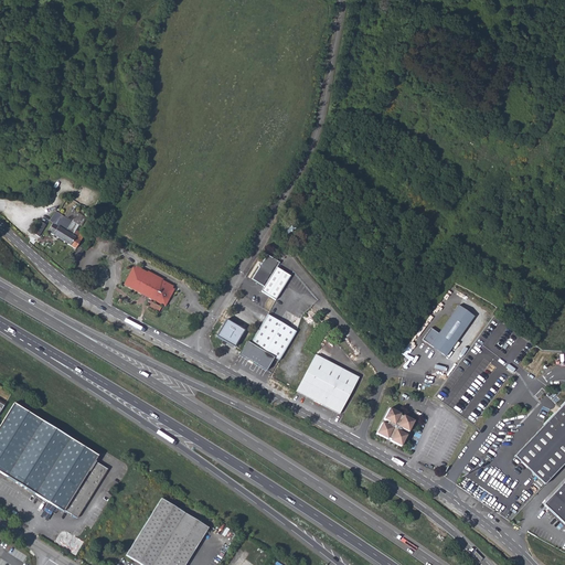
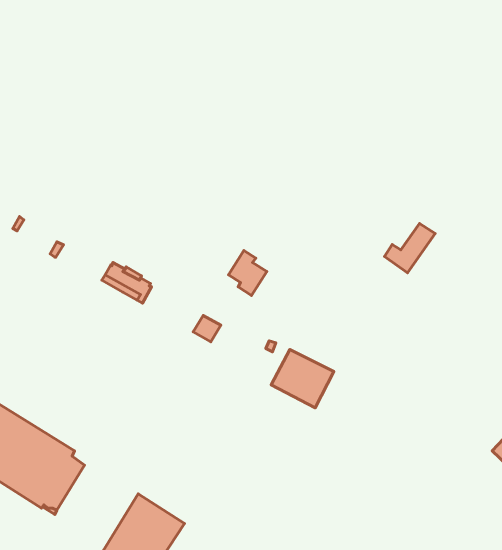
building: [51,214,86,247] -> none
building: [425,306,476,355] -> [384,223,435,273]
building: [241,313,297,370] -> none
building: [376,407,415,445] -> none

